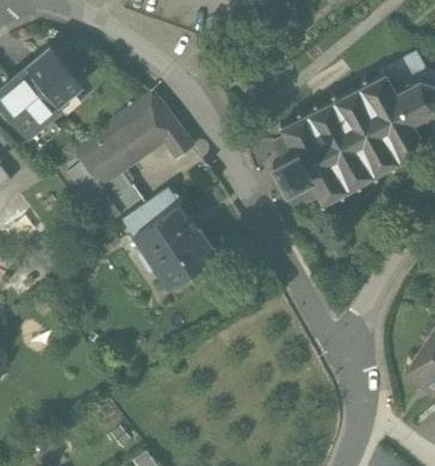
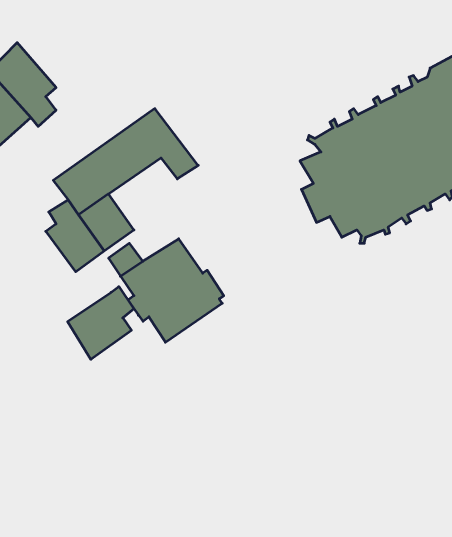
building: none -> [68,287,134,359]

